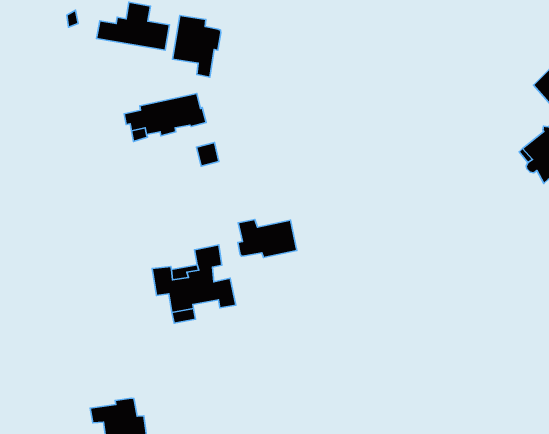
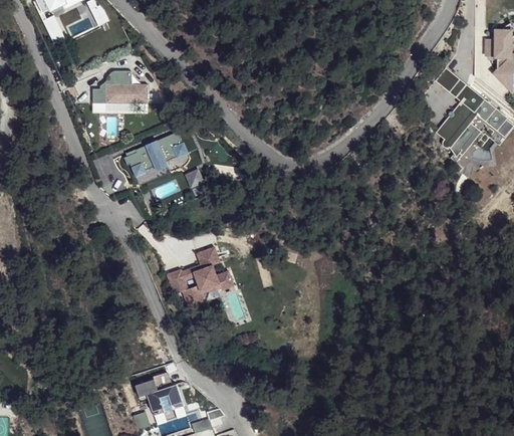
building: [172,15,221,77] -> none
building: [238,220,297,257] -> none

